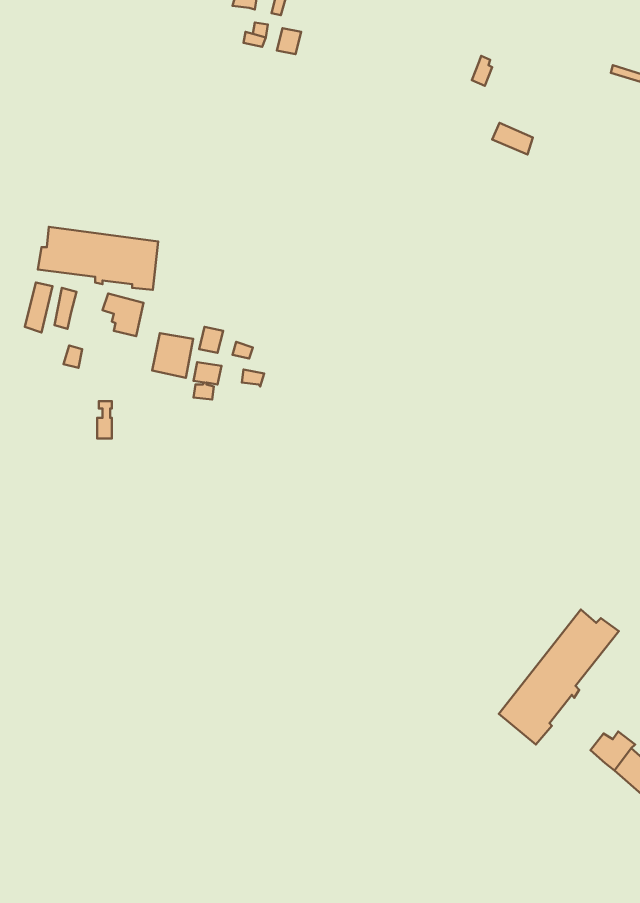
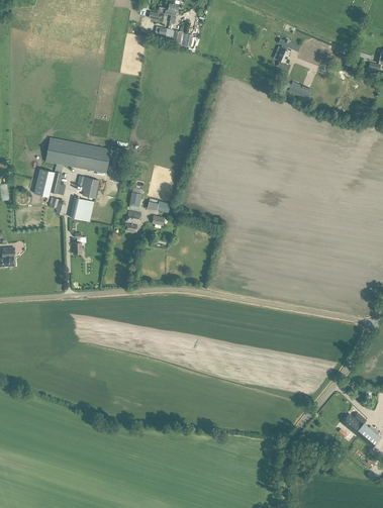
building: [152,333,193,378] -> [71,197,93,221]
building: [499,610,619,745] -> none

